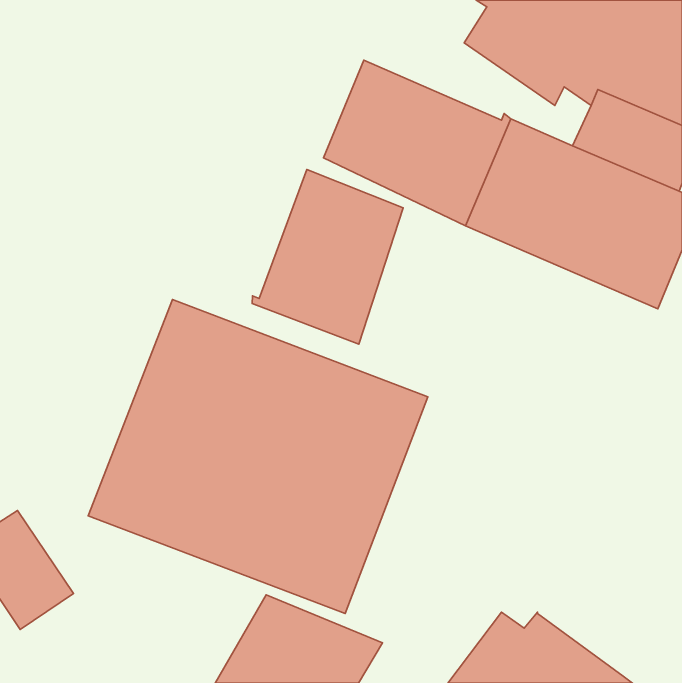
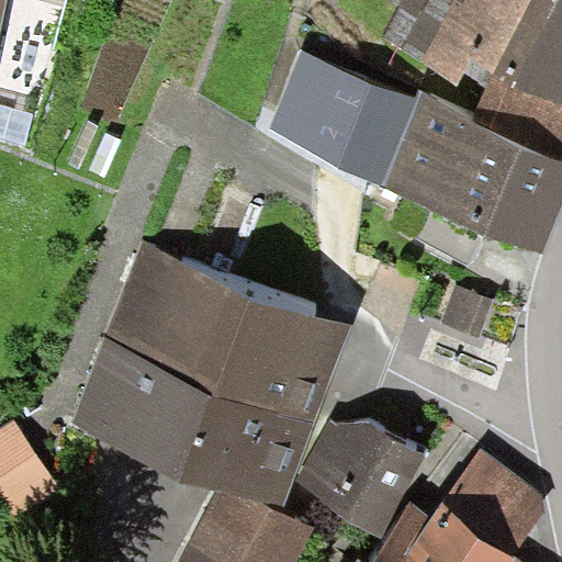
building: [252,170,403,344] -> none
building: none -> [296,420,427,538]
building: none -> [441,448,547,555]

